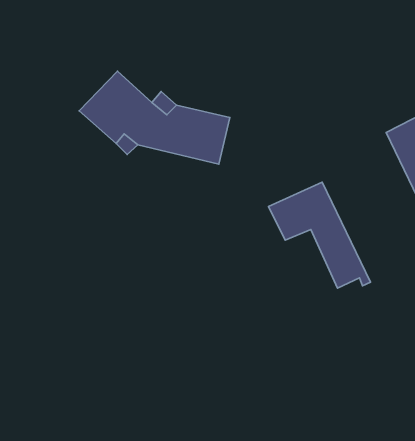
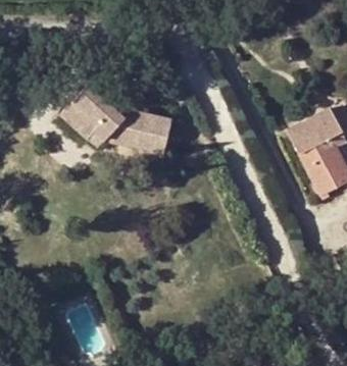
building: [269,182,371,288] -> none

